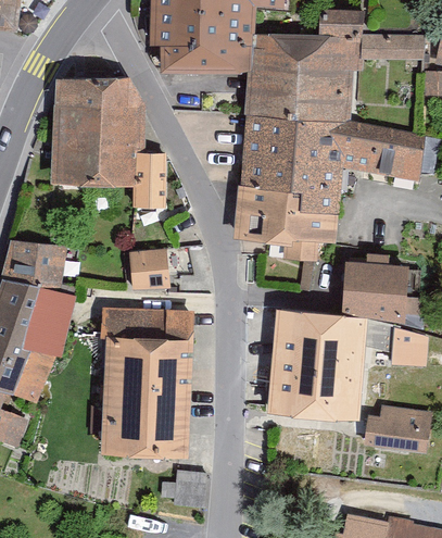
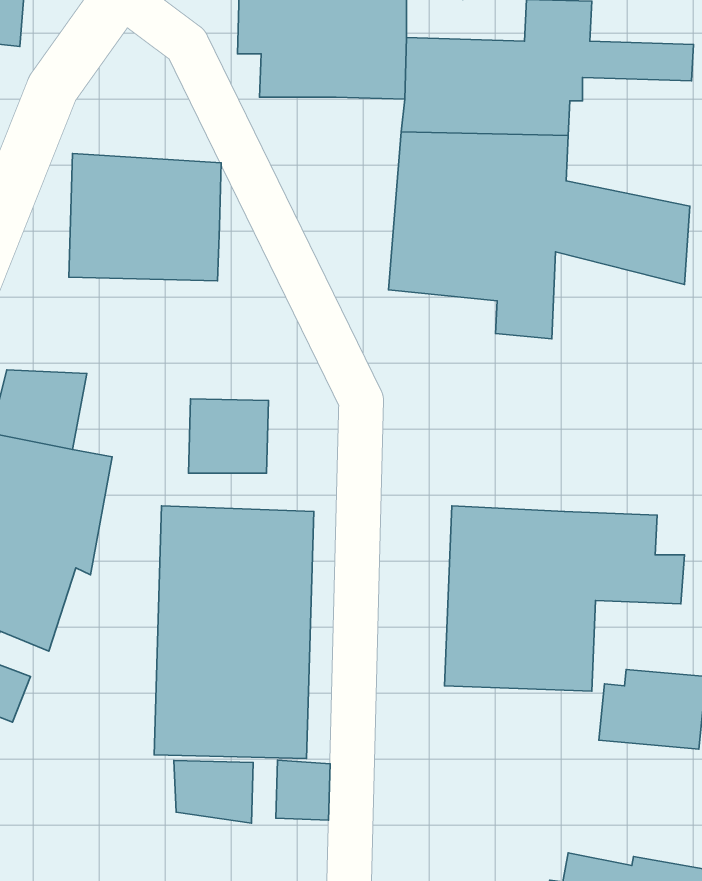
building: [52,75,141,107] -> none
building: [139,145,164,199] -> none
building: [233,183,339,259] -> none
building: [346,266,413,317] -> none
building: none -> [174,761,253,823]

